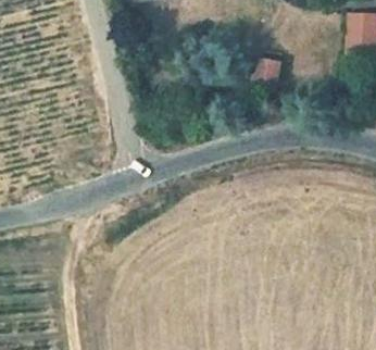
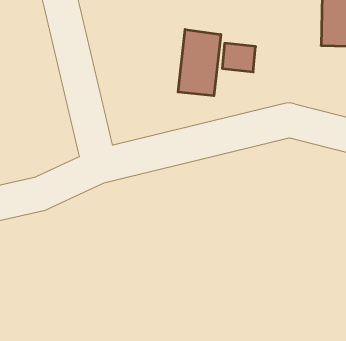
building: none -> [178,29,221,96]

